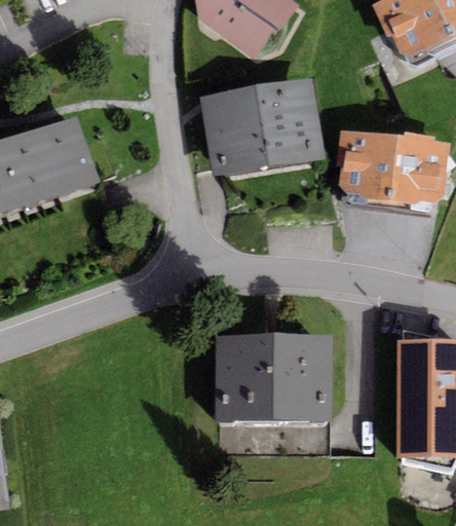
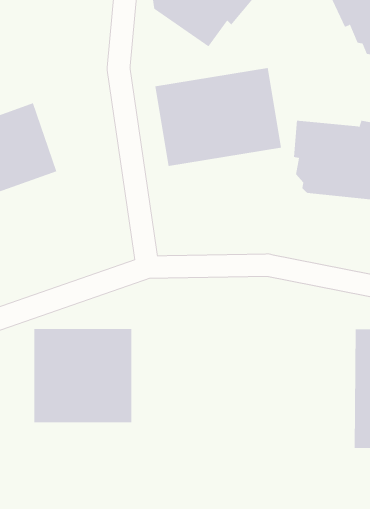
building: [216,335,334,420] -> none
building: none -> [34,328,132,423]

